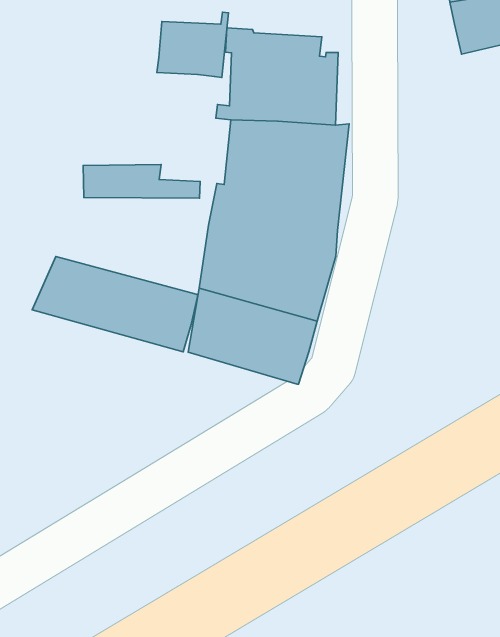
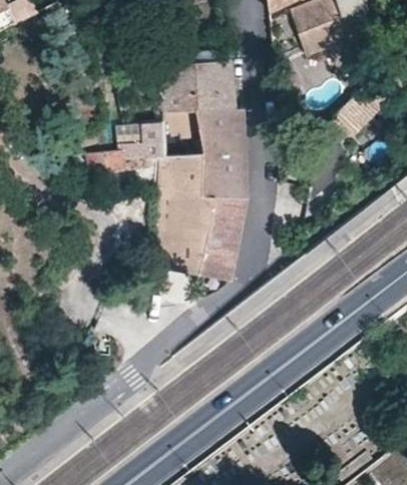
building: [157,12,228,78] -> [122,114,166,159]
building: [32,256,198,352] -> none

